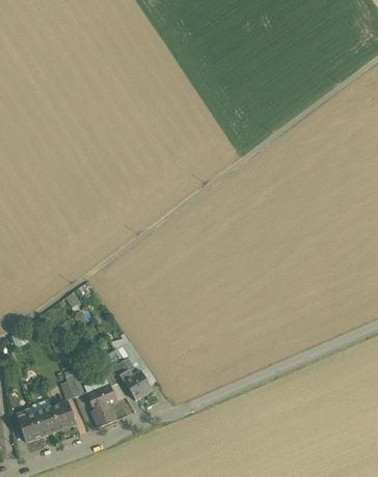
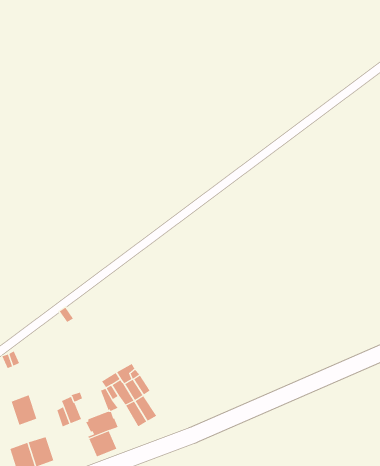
building: [51,401,75,429] -> [11,395,37,426]

